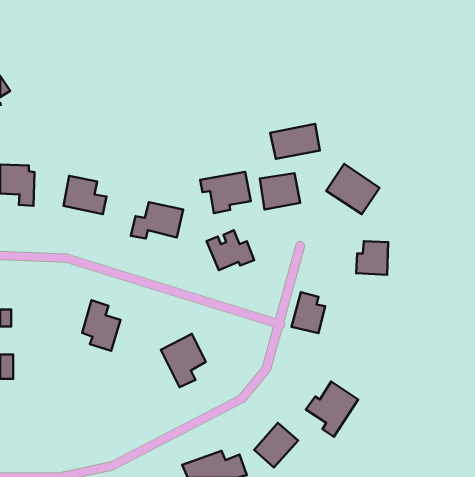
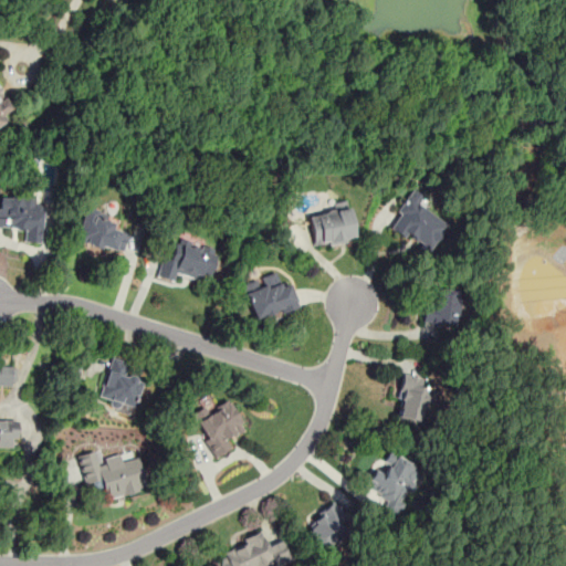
building: [270,124,320,159] -> none
building: [200,172,251,213] -> none
building: [291,292,325,333] -> [395,375,434,423]
building: none -> [78,451,149,501]

